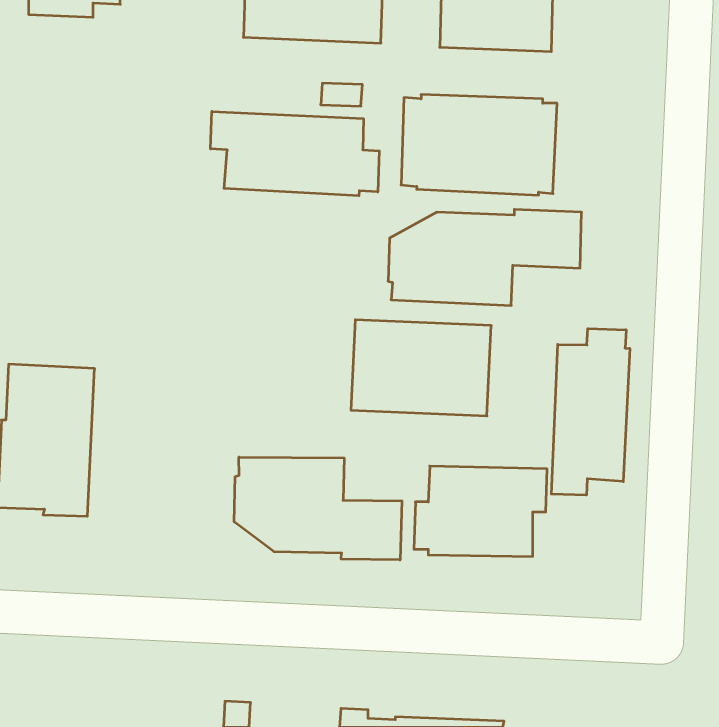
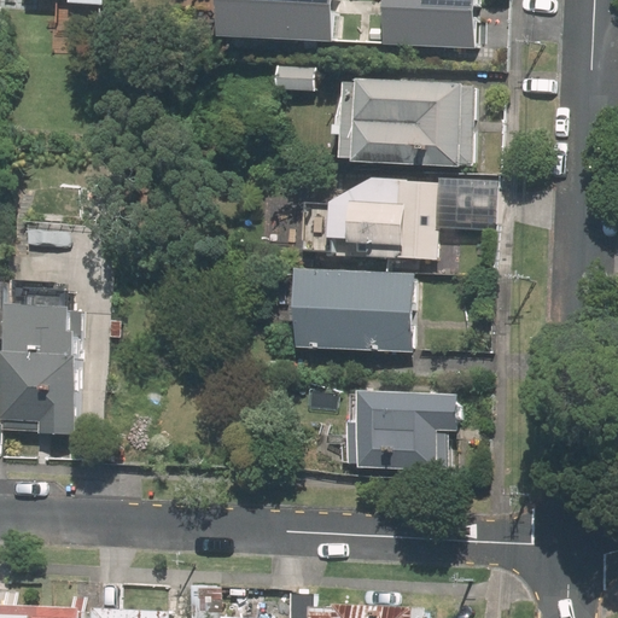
building: [211,111,379,196] -> none
building: [551,329,630,495] -> none
building: [234,457,402,560] -> none

